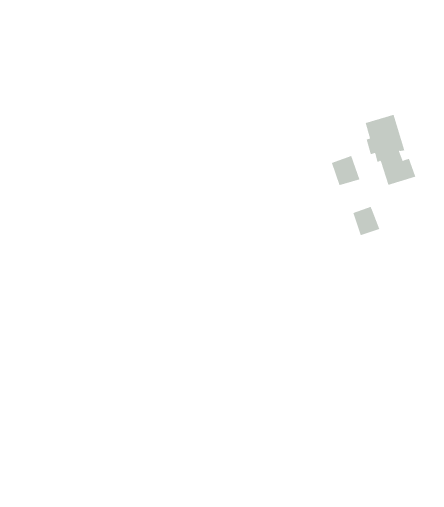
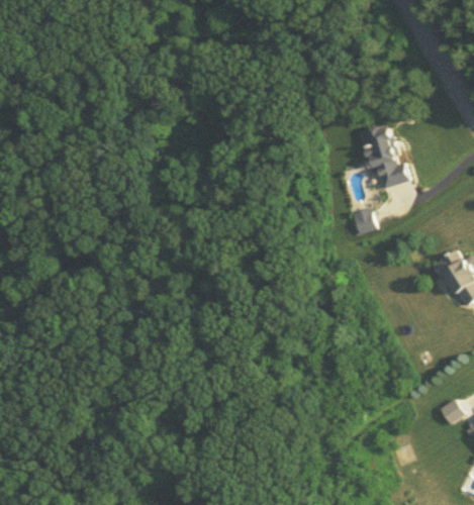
building: [331,155,360,186] -> none

